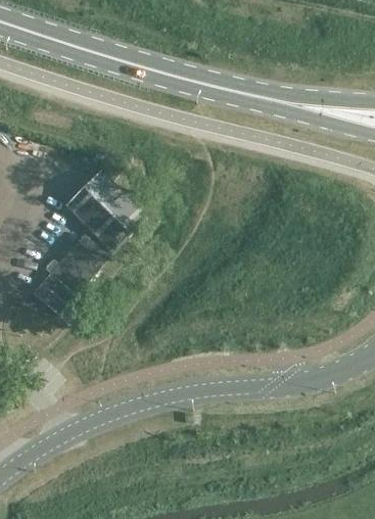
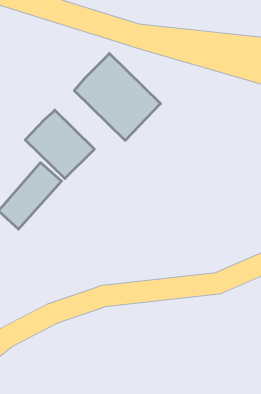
building: none -> [74,53,161,140]

